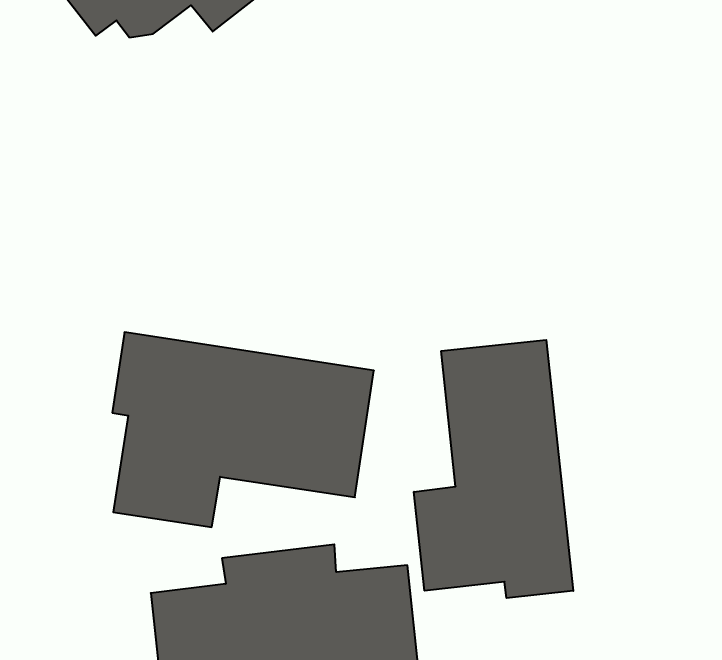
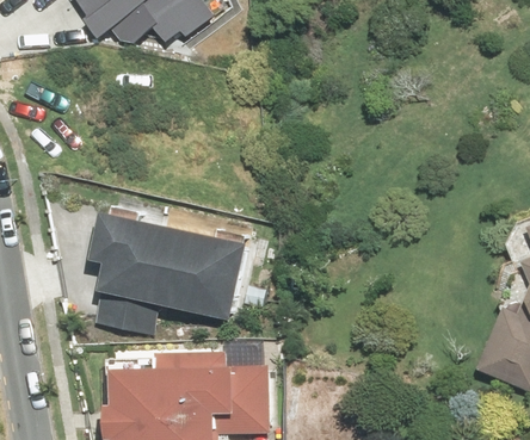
building: [414,340,573,598] -> none

